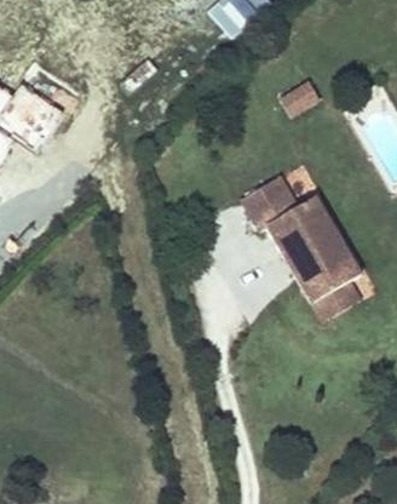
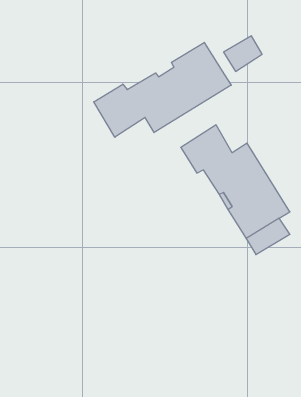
building: none -> [94,42,231,137]

